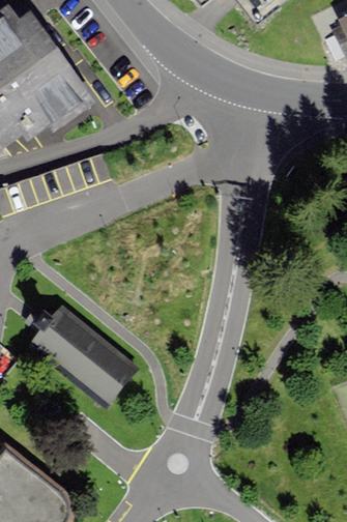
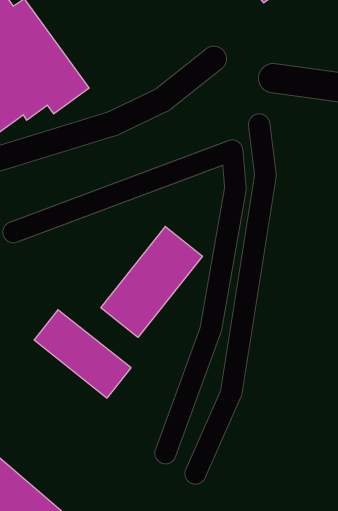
building: none -> [101,226,202,337]

